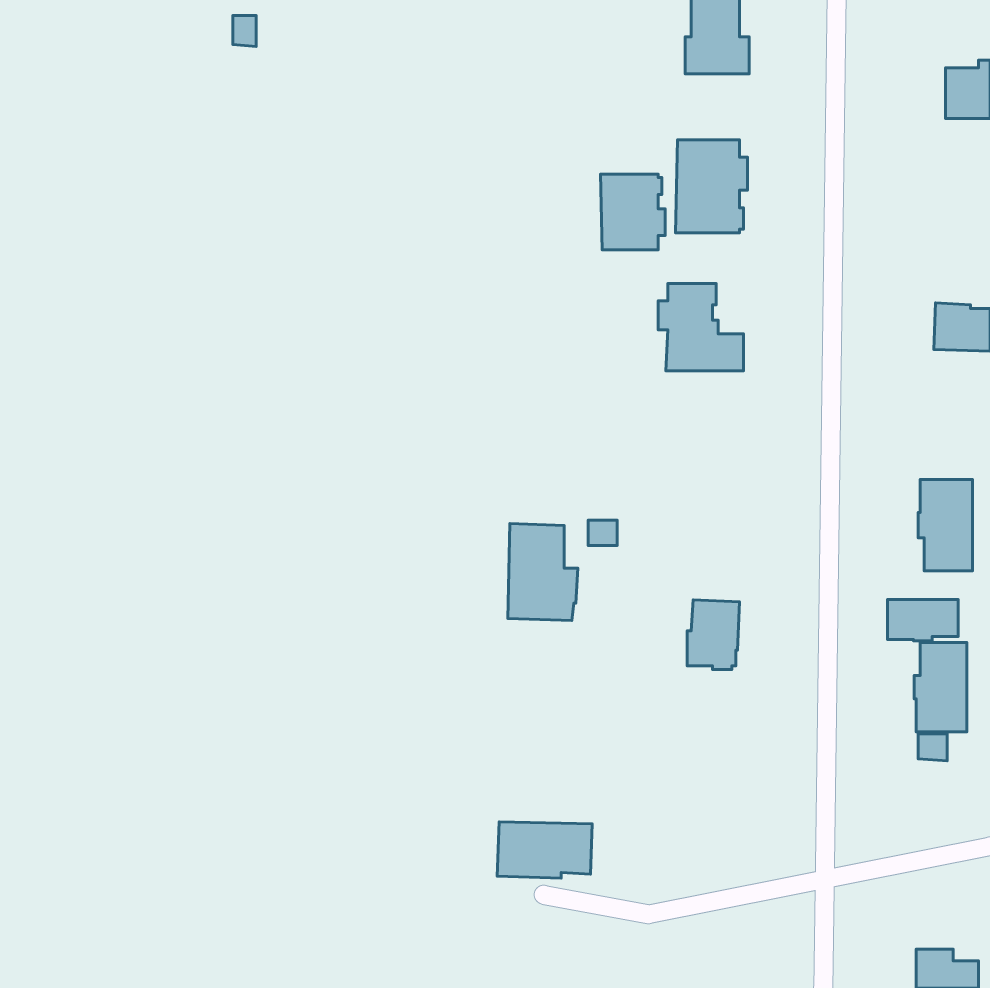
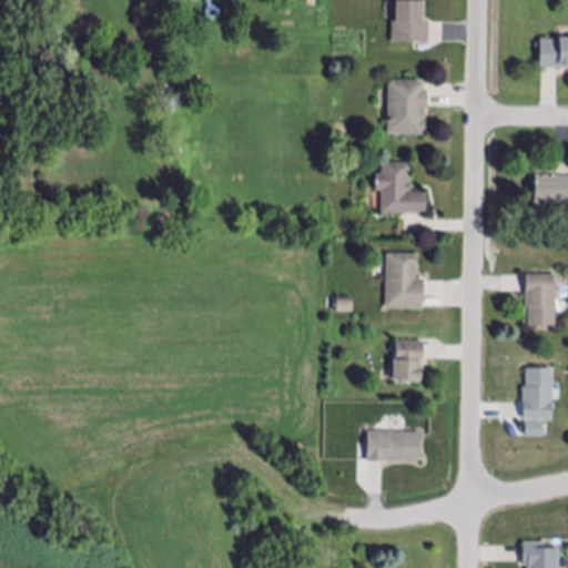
building: [601,174,665,250] -> none
building: [508,523,578,621] -> [385,252,425,307]
building: [887,600,958,641] -> none
building: [497,822,592,878] -> [367,429,422,462]

